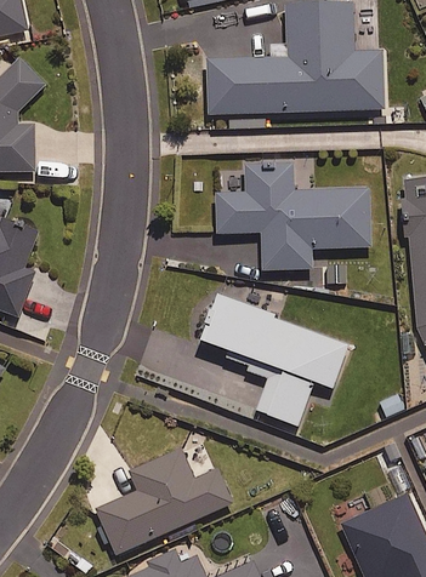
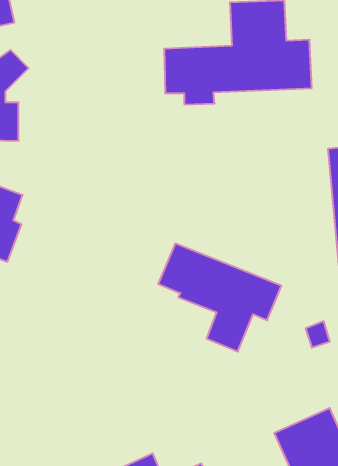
building: [215,161,370,269] -> none
building: [95,449,232,554] -> none

